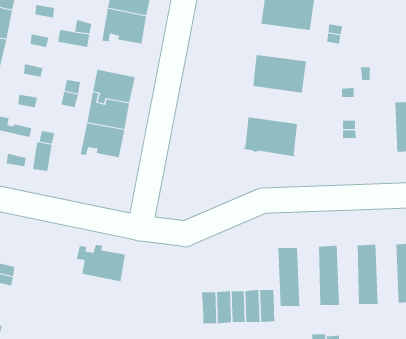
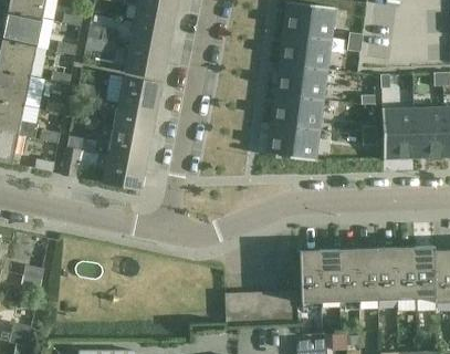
building: none -> [279,31,332,67]
building: none -> [124,41,168,79]
building: none -> [271,92,324,128]
building: none -> [383,106,416,159]
building: none -> [396,246,417,304]
building: [76,244,126,282] -> [97,152,146,188]
building: none -> [358,247,378,305]
building: none -> [320,248,341,306]

